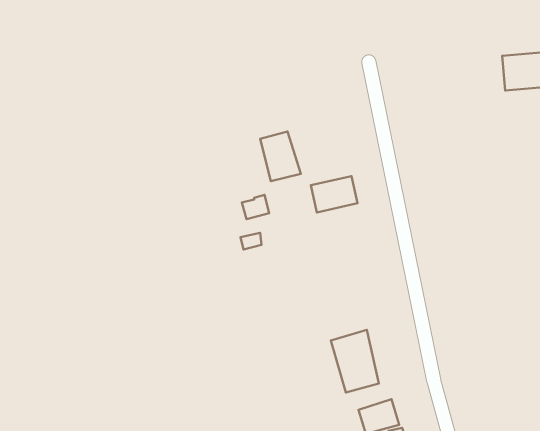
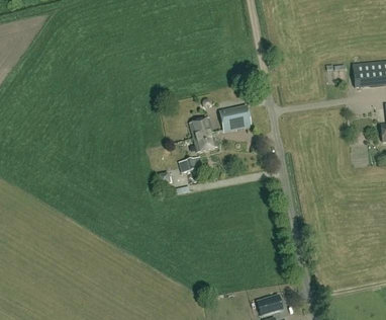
building: [311,176,358,212] -> [220,107,252,132]
building: [331,330,379,392] -> none

